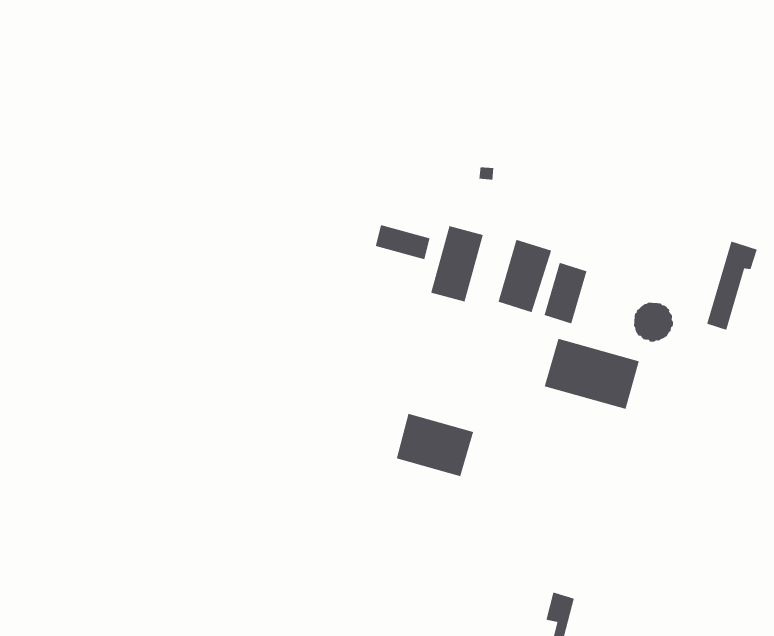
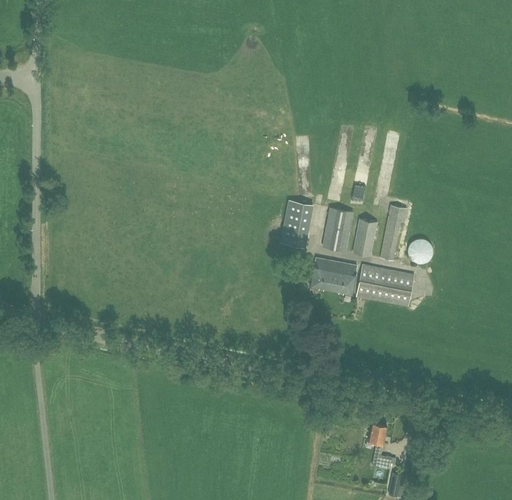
building: [375,224,431,260] -> none
building: [706,241,758,331] -> [379,203,407,259]
building: [396,413,474,477] -> [310,256,357,293]

